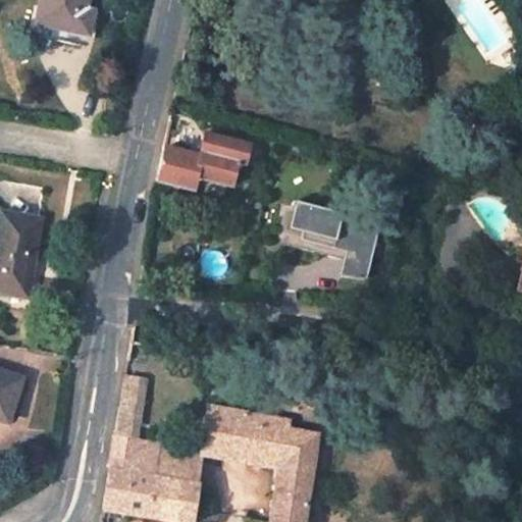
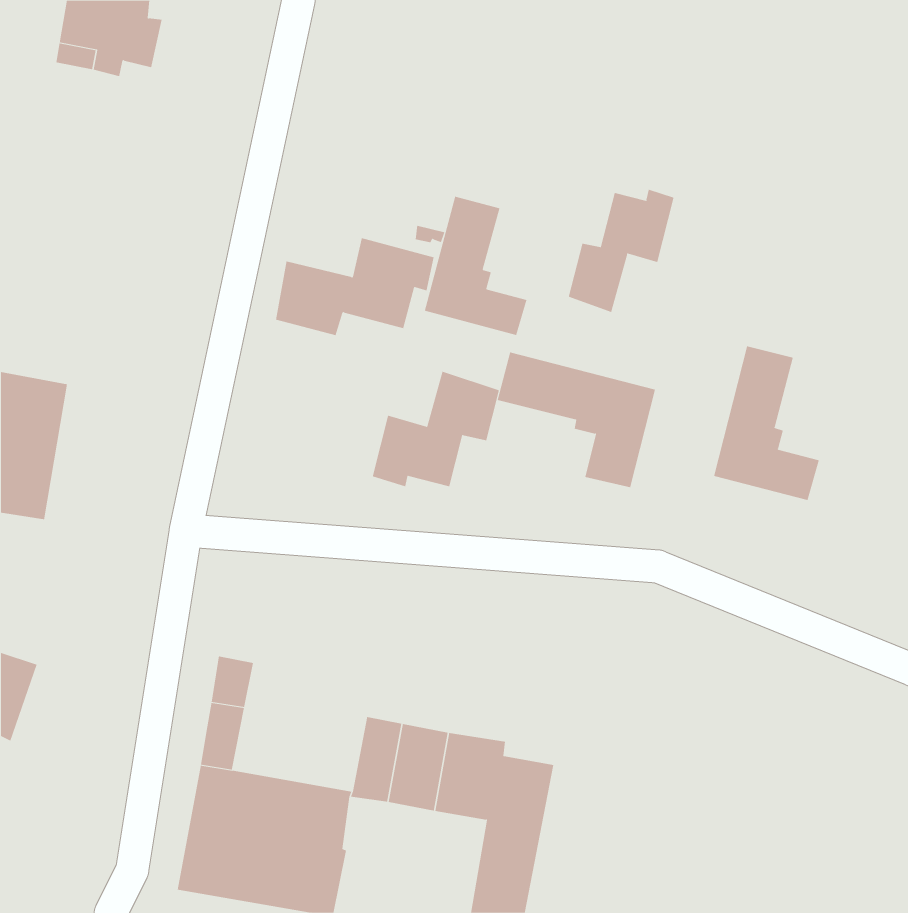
building: none -> [568,189,674,313]
building: none -> [424,196,527,336]
building: none -> [713,346,820,501]
building: none -> [372,371,500,487]

